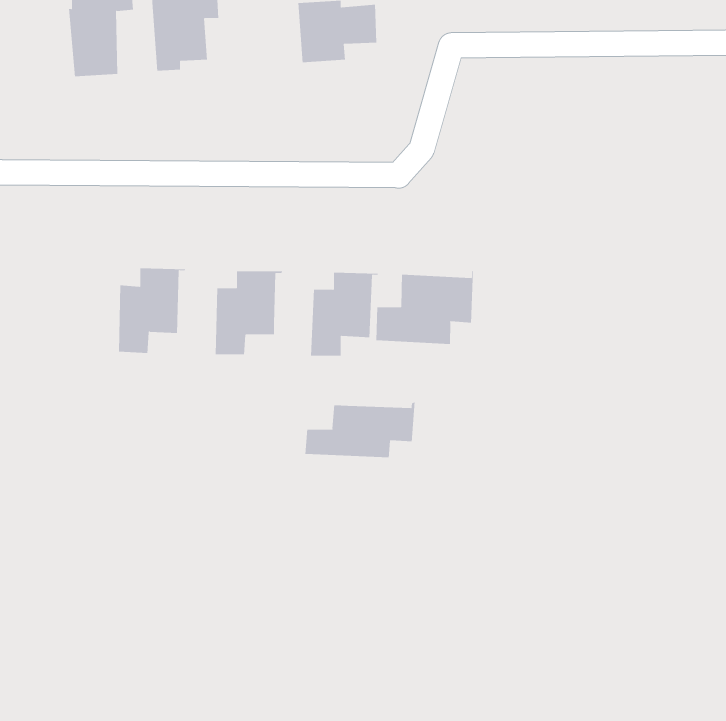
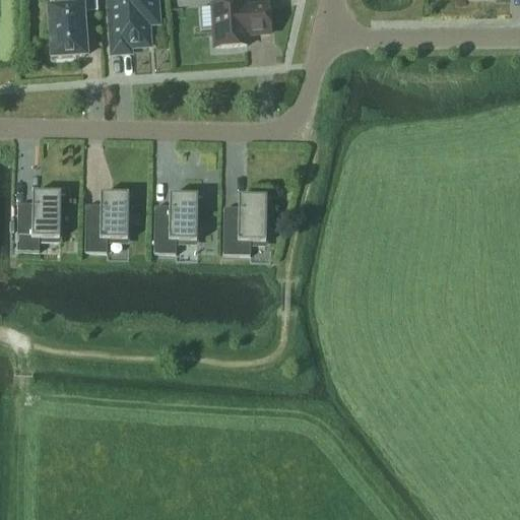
building: none -> [17,190,66,250]
building: [376,269,474,345] -> none
building: [305,402,415,458] -> none

